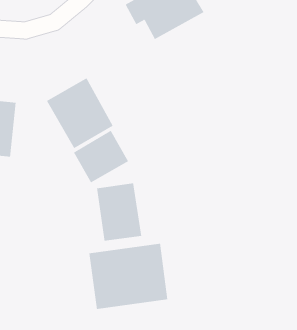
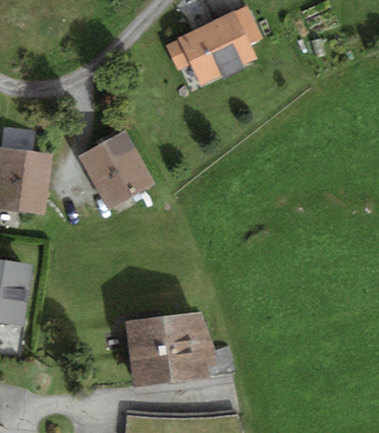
building: [73,130,129,183] -> none
building: [97,183,142,242] -> none

